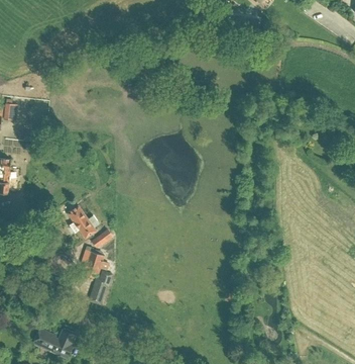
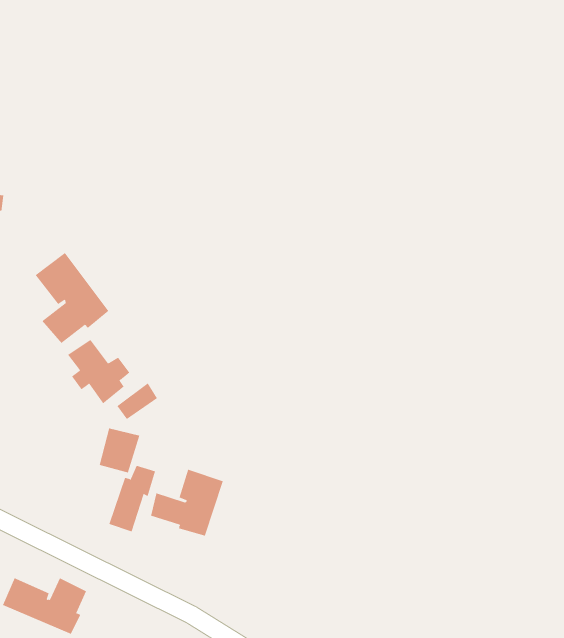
building: none -> [35,252,109,344]
building: none -> [151,469,224,536]

